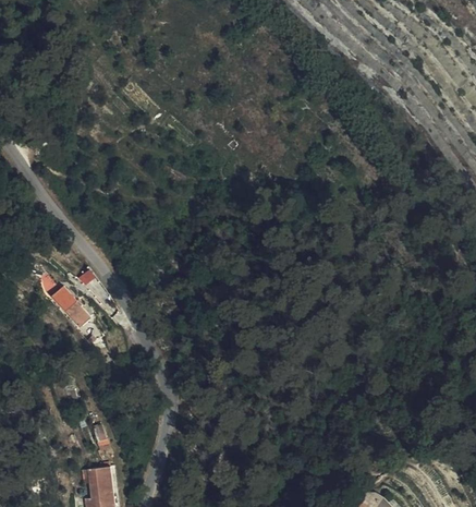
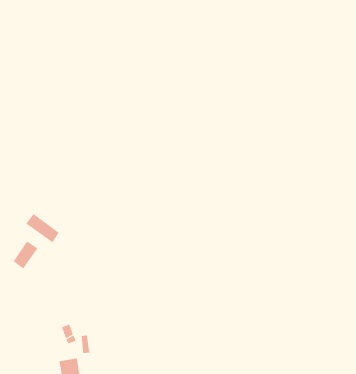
building: none -> [13,241,38,270]

